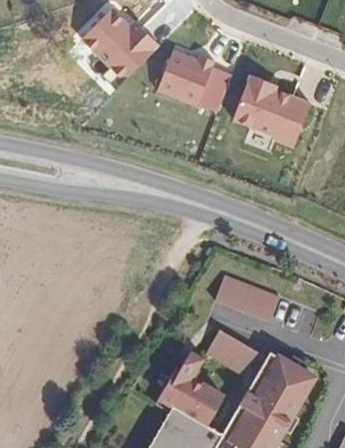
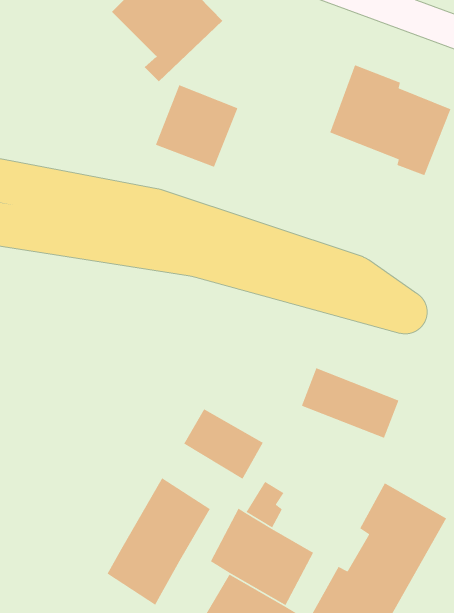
building: [161,48,218,104] -> [155,84,238,168]
building: [205,330,259,379] -> [183,408,264,480]
building: none -> [107,477,211,606]

